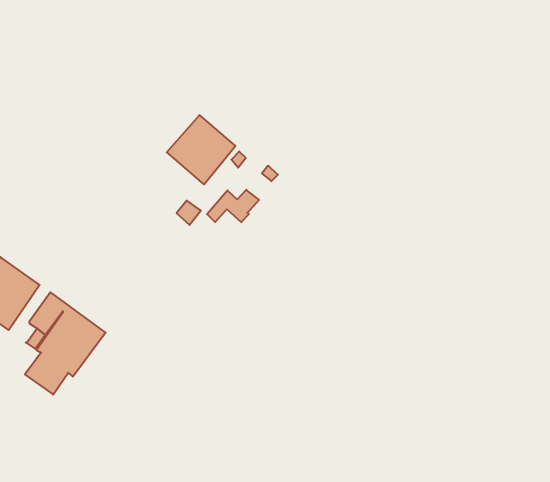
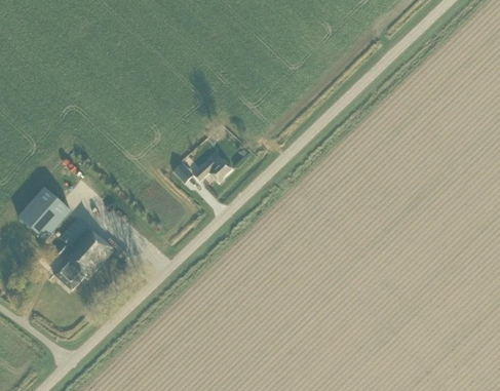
building: [167,115,235,184] -> none

